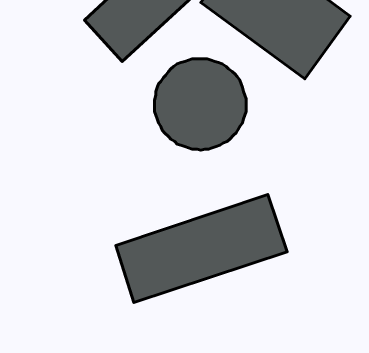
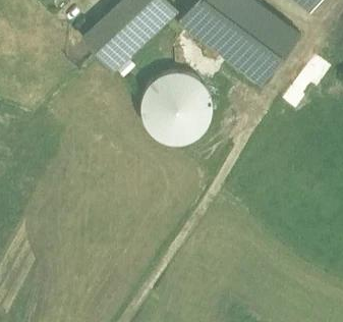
building: [116,195,287,303] -> none

